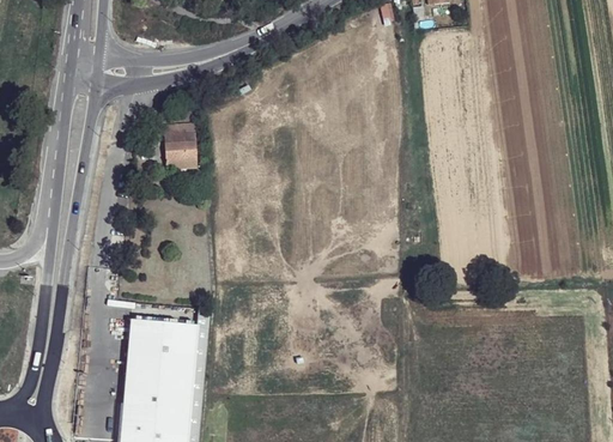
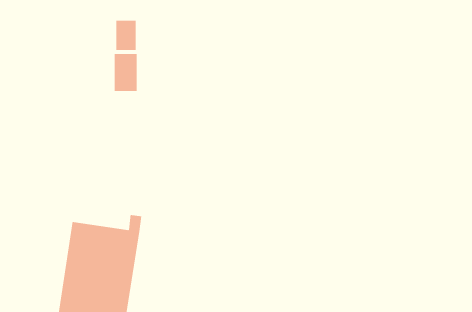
building: none -> [116,20,136,51]

